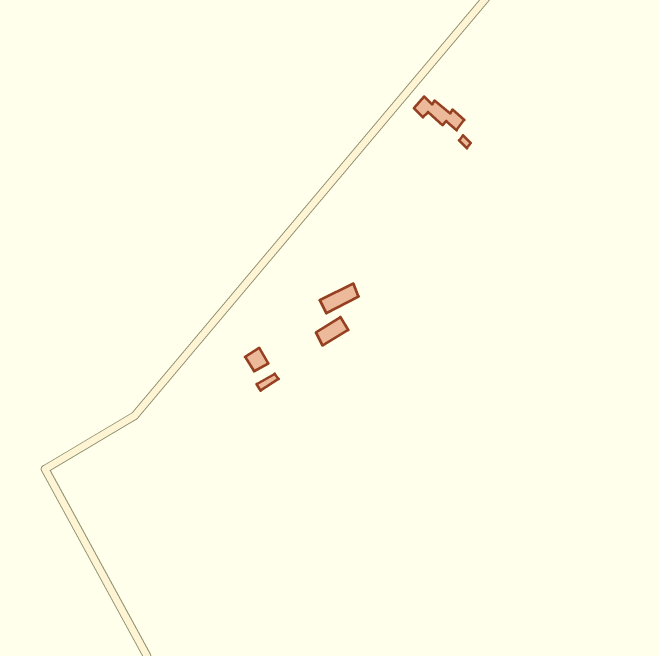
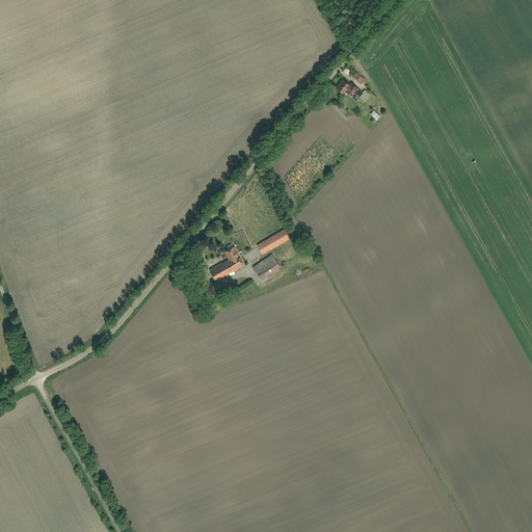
building: none -> [209,246,242,281]

